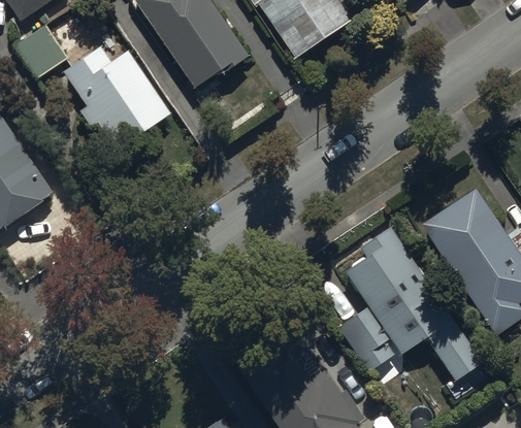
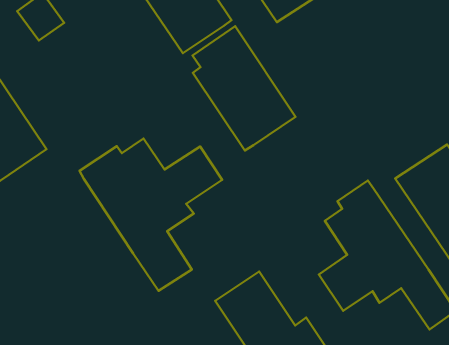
building: [62,46,169,150] -> none
building: none -> [193,26,296,150]
building: none -> [79,139,222,291]

